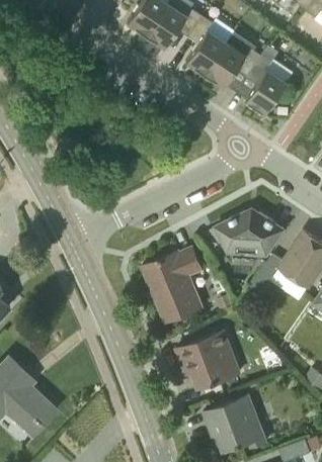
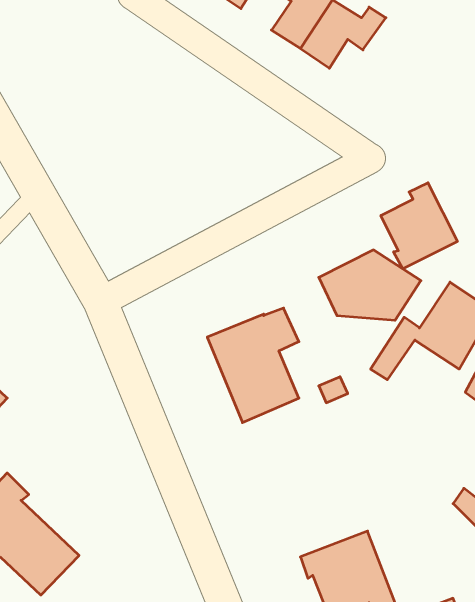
building: [244,56,286,115] -> none
building: none -> [381,183,457,269]
building: [177,331,241,389] -> none

